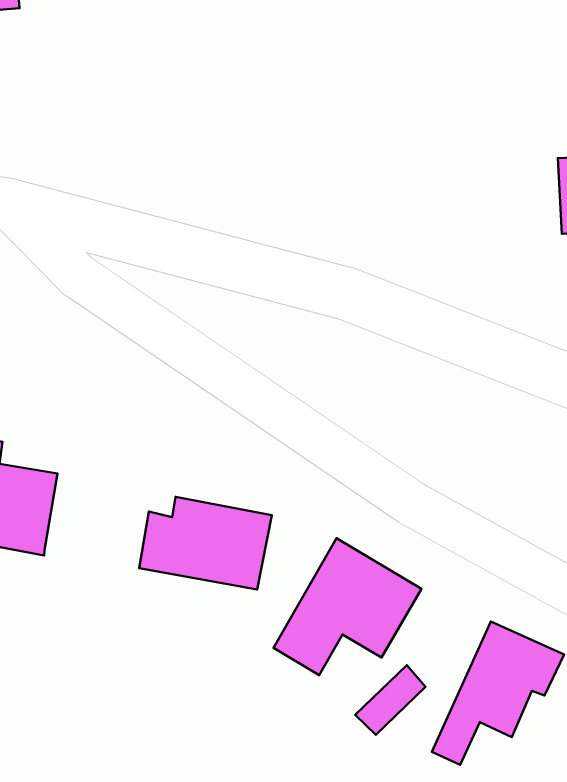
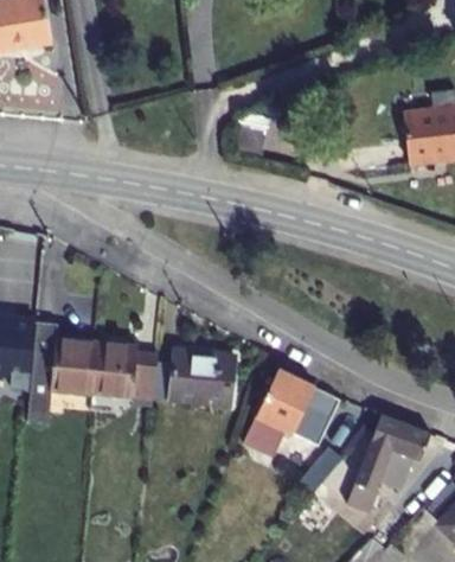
building: none -> [91,340,158,397]

